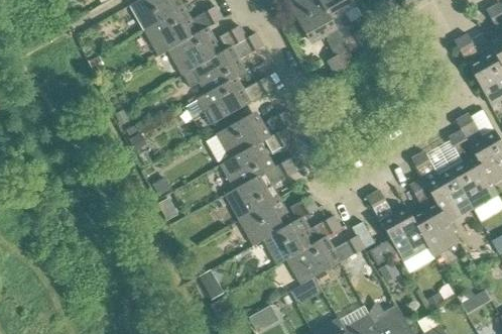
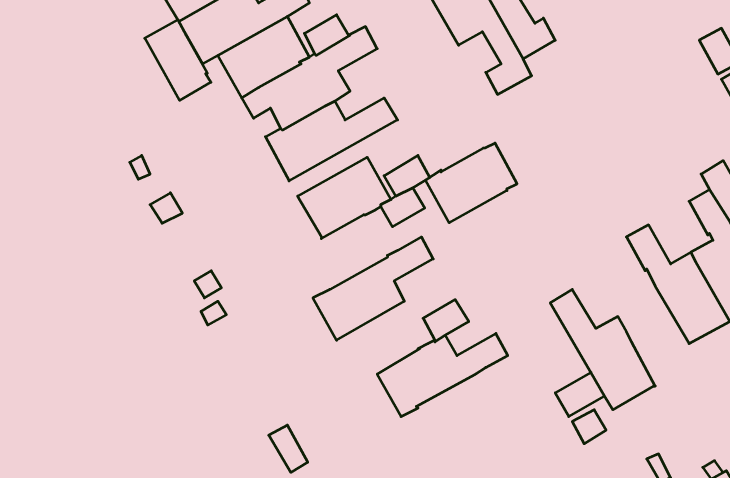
building: none -> [145,20,211,100]
building: [221,141,275,189] -> [426,143,517,223]
building: [409,177,460,255] -> none
building: [239,196,293,245] -> none
building: [286,220,375,284] -> none

